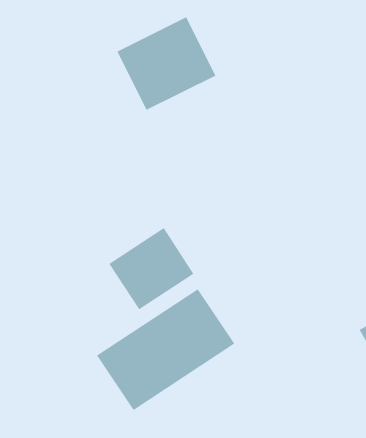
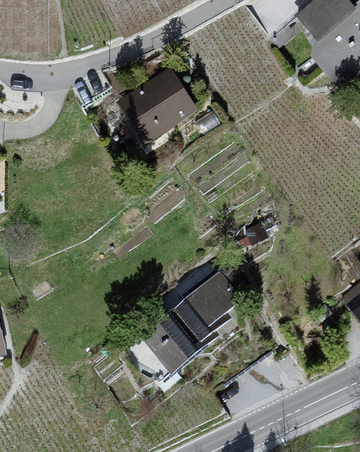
building: [109,227,194,310] -> none

